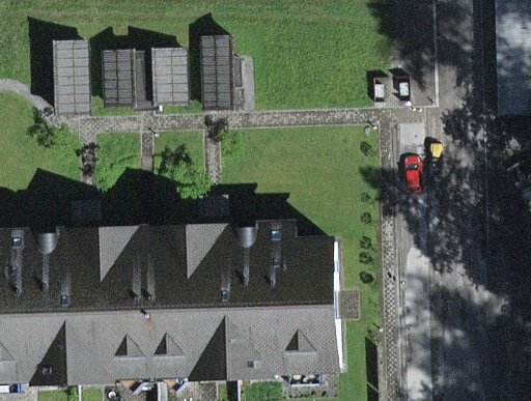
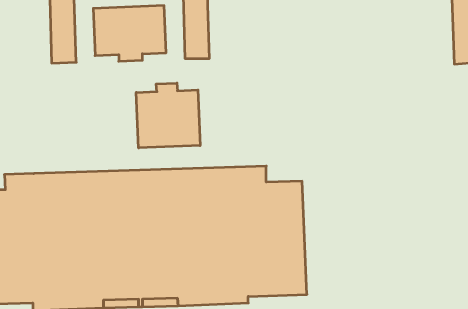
building: none -> [136,83,200,148]

